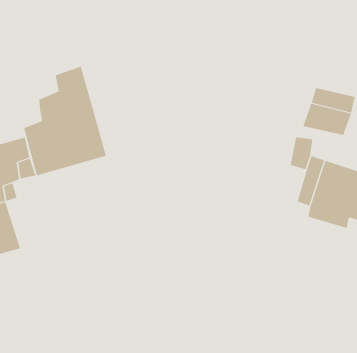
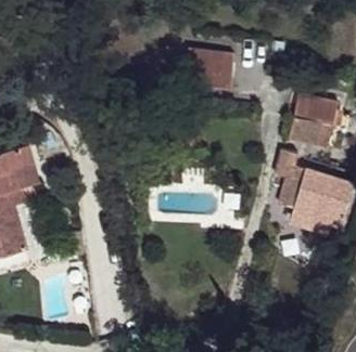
building: none -> [195,48,233,86]
building: [23,66,106,176] -> none

